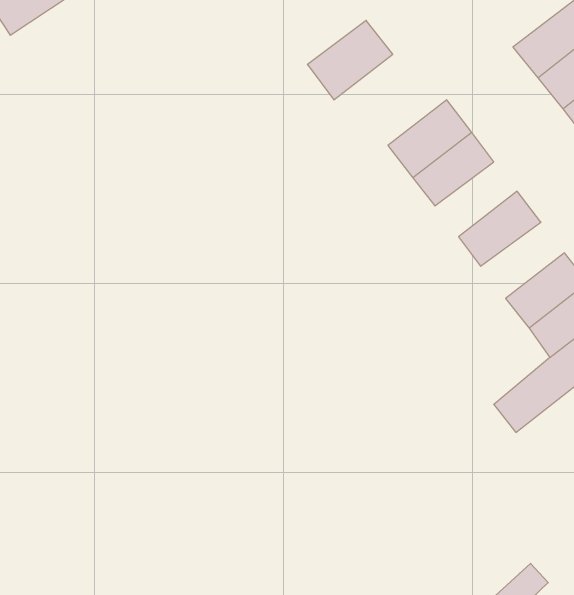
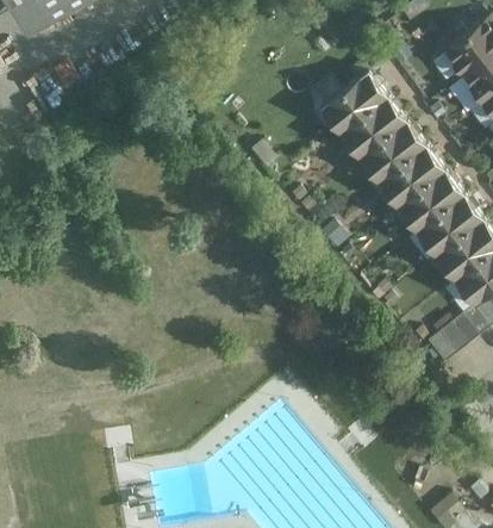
building: [307,20,393,100] -> [316,67,385,131]
building: none -> [375,144,442,205]
building: none -> [412,193,480,255]

